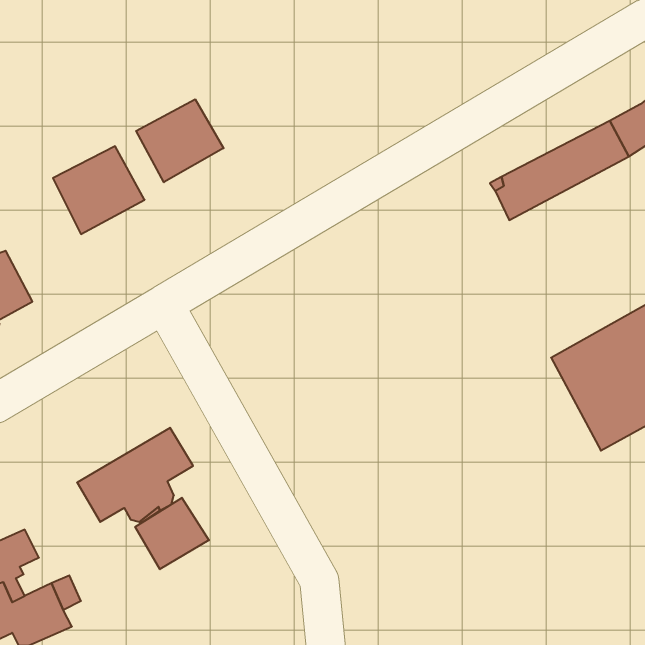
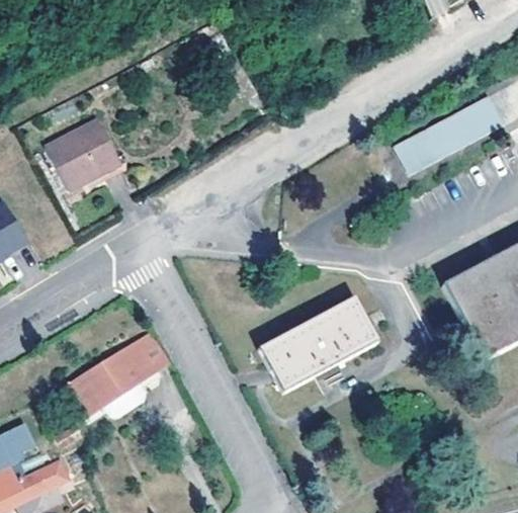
building: [136,99,224,182] -> none
building: none -> [259,297,377,393]
building: [135,498,209,569] -> none

